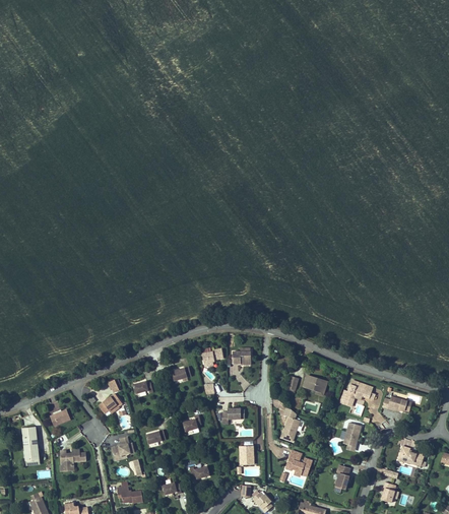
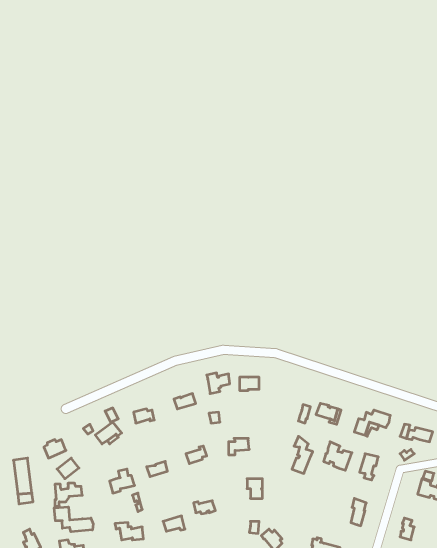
building: [285,450,312,476] -> [324,442,352,470]
building: none -> [54,507,93,532]

